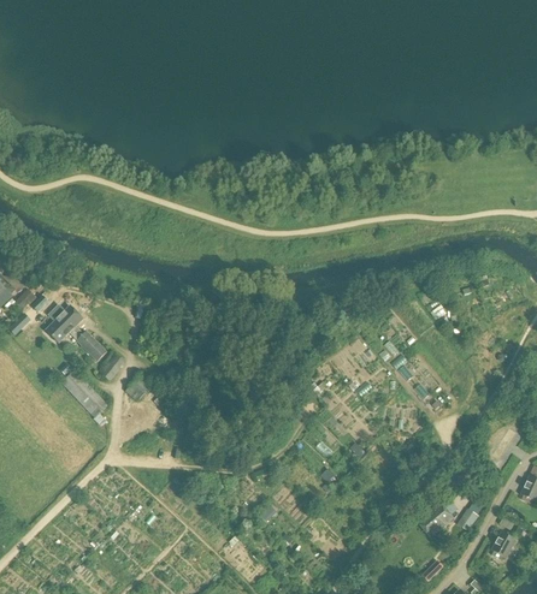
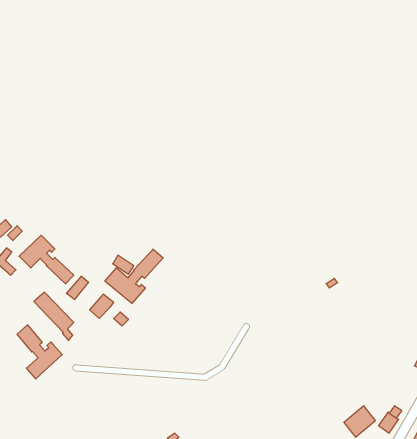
building: none -> [105,249,163,303]
building: none -> [17,325,62,379]

